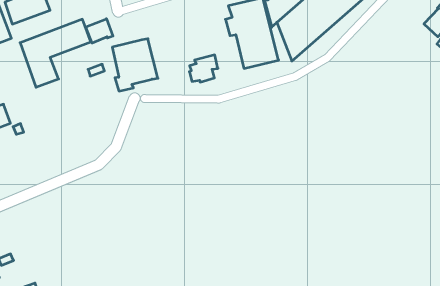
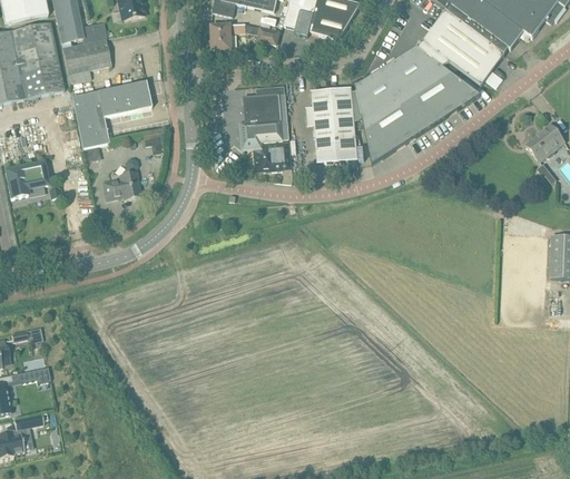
building: [86,19,113,43] -> none
building: [112,39,158,91] -> [242,92,289,146]
building: none -> [102,157,140,199]

